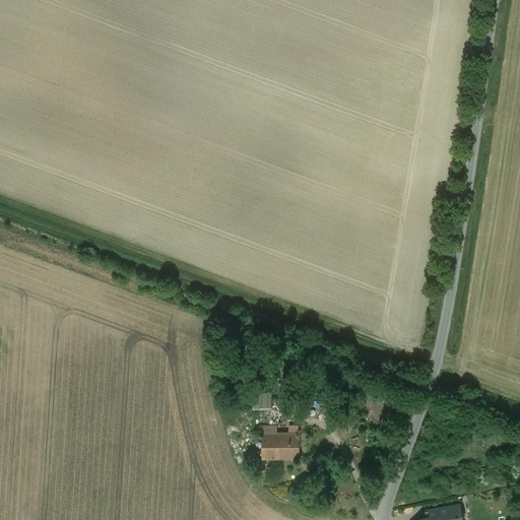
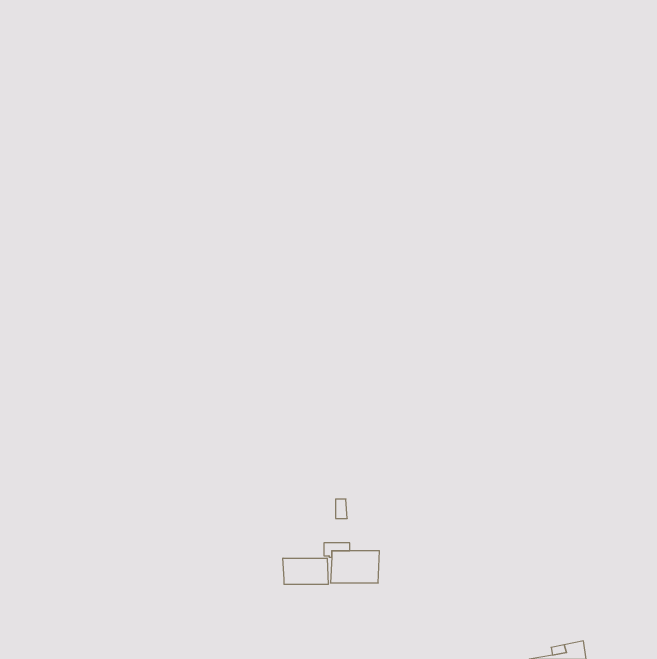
building: none -> [283,558,328,584]

